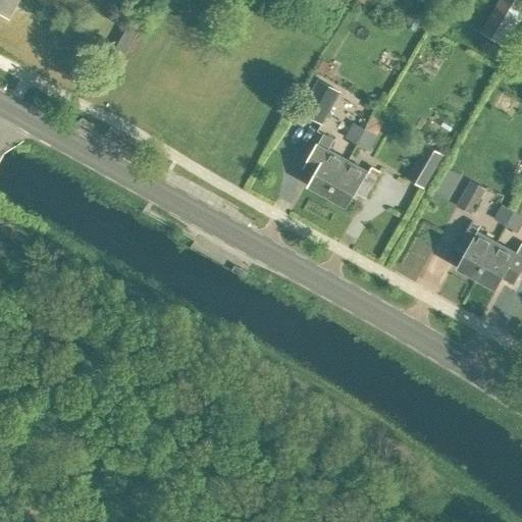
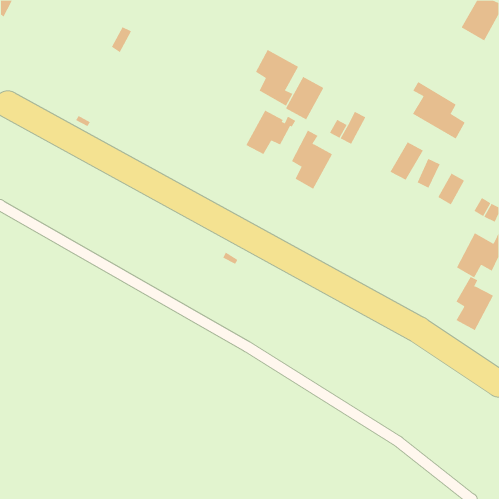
building: none -> [255,49,299,107]
building: none -> [412,81,465,139]
building: [327,161,380,208] -> [245,110,296,155]
building: [456,222,495,279] -> [456,276,494,331]

